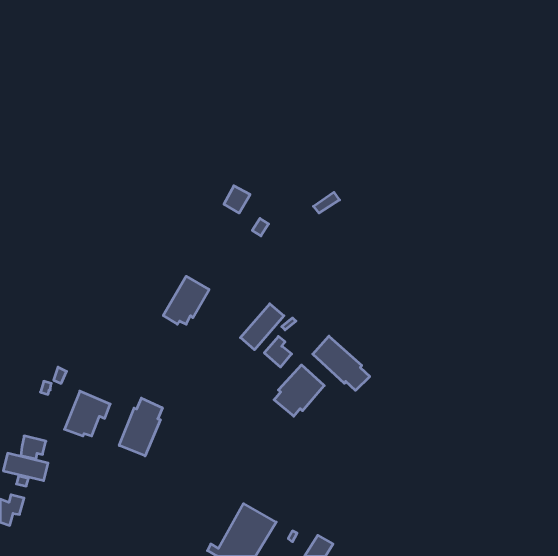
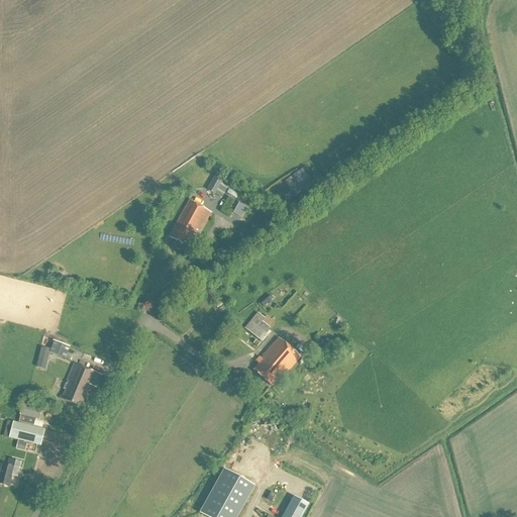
building: [163,276,209,324] -> [169,200,211,244]
building: [240,304,284,350] -> none
building: [313,336,370,390] -> none
building: [119,398,162,456] -> none

